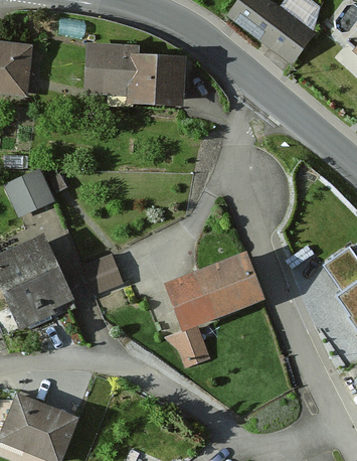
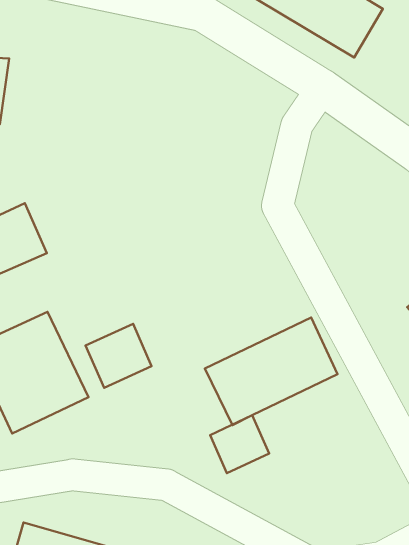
building: [81,39,187,103] -> none

